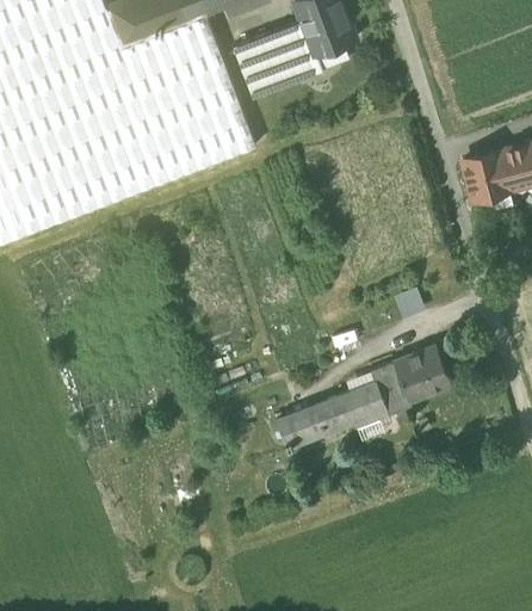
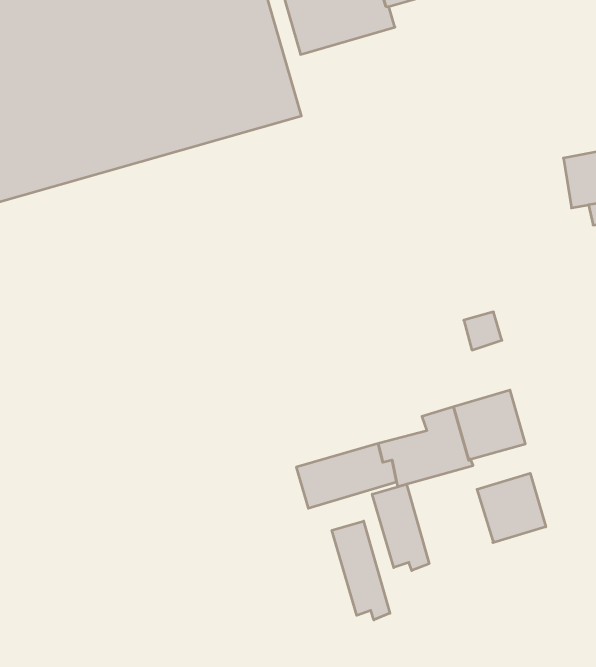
building: none -> [477,473,546,543]
building: none -> [372,484,429,571]
building: none -> [332,521,390,620]

